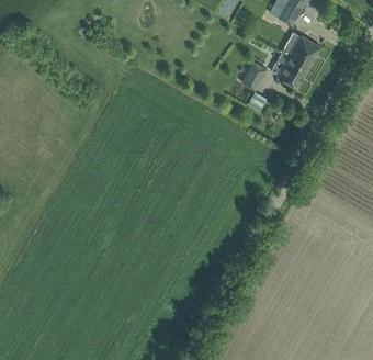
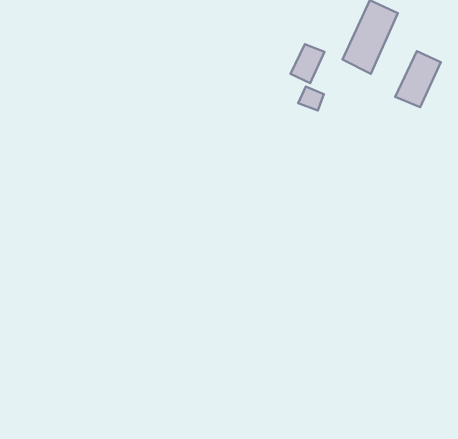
building: none -> [395,51,441,107]

